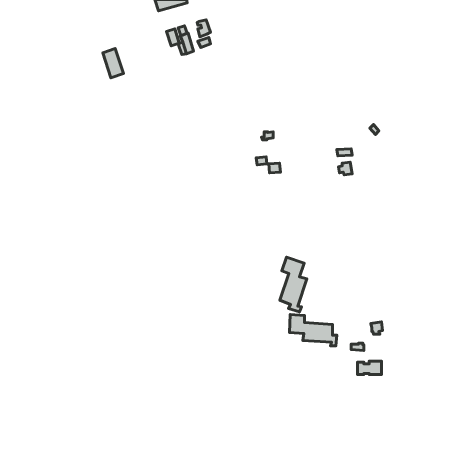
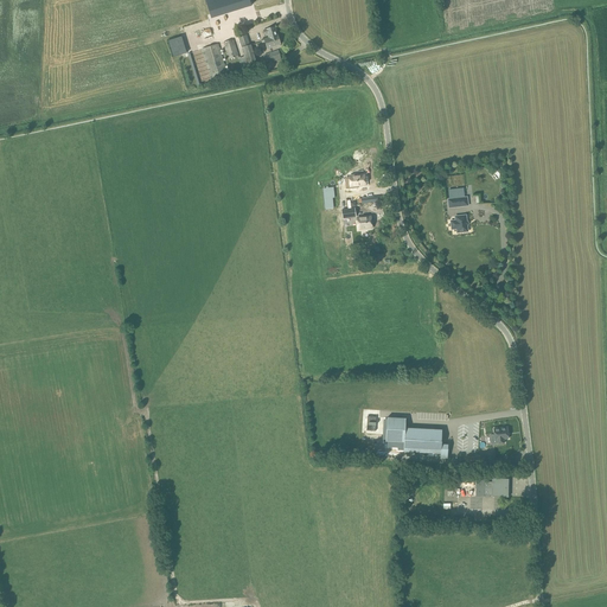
building: [103,48,123,78] -> [199,43,226,82]
building: [280,257,307,312] -> none

